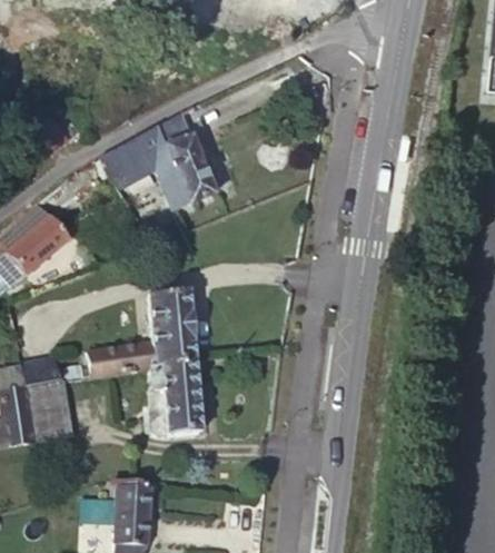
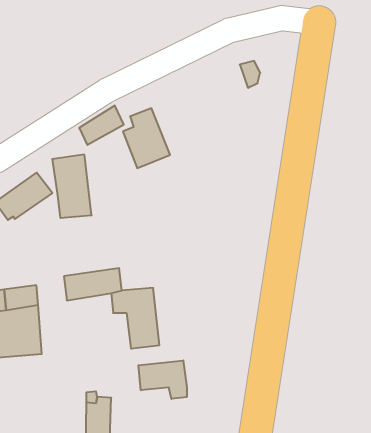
building: [150,284,199,363] -> [52,155,92,218]
building: none -> [138,360,187,399]

